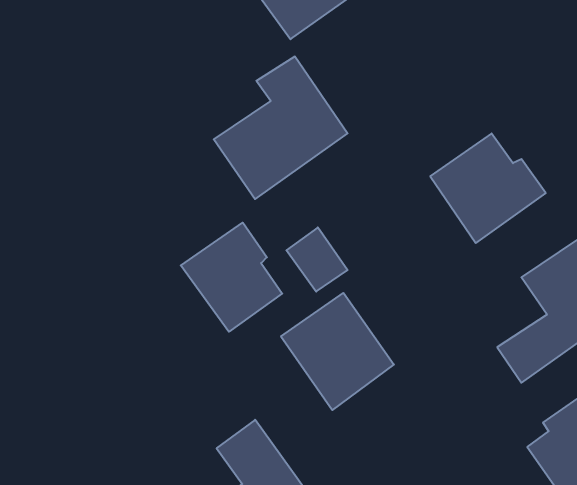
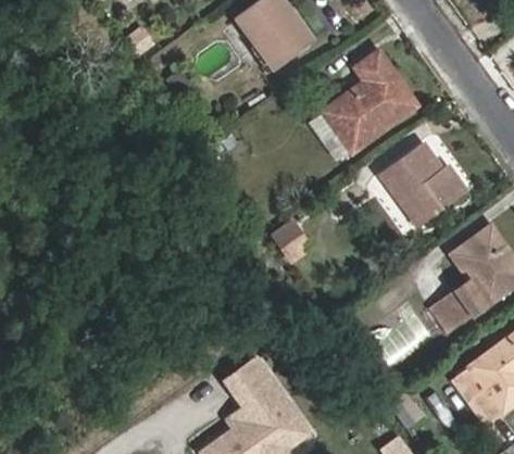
building: [214,57,348,199] -> [321,47,423,155]
building: [181,223,282,332] -> none
building: [281,293,394,410] -> none

